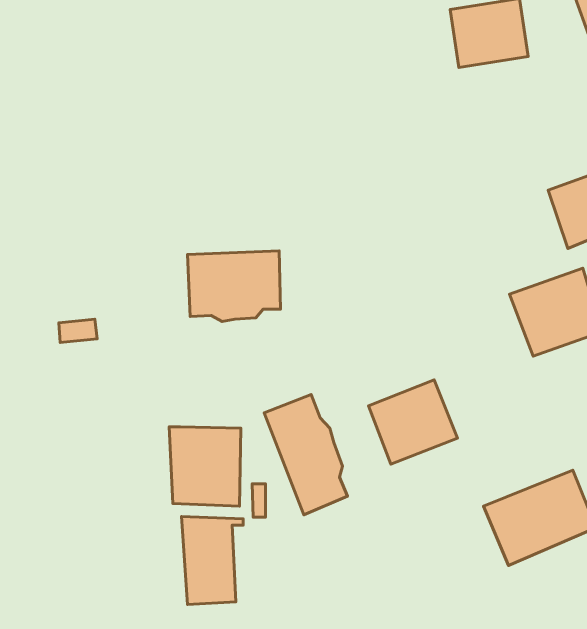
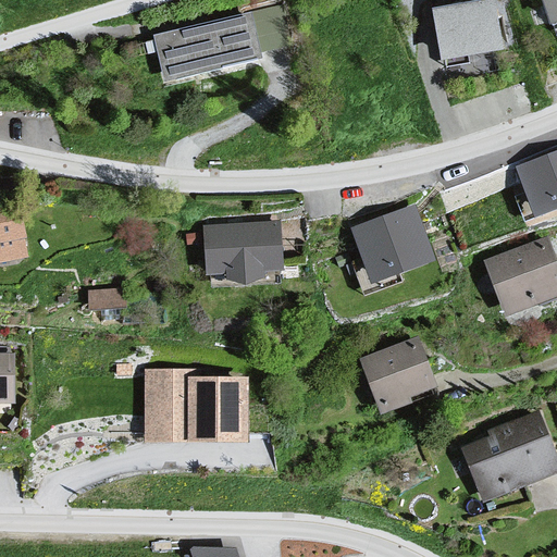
building: none -> [156,12,264,83]
building: none -> [352,207,433,280]
building: [264,394,348,515] -> none
building: [181,516,243,604] -> [140,368,195,445]

